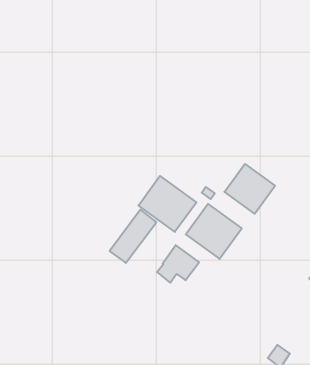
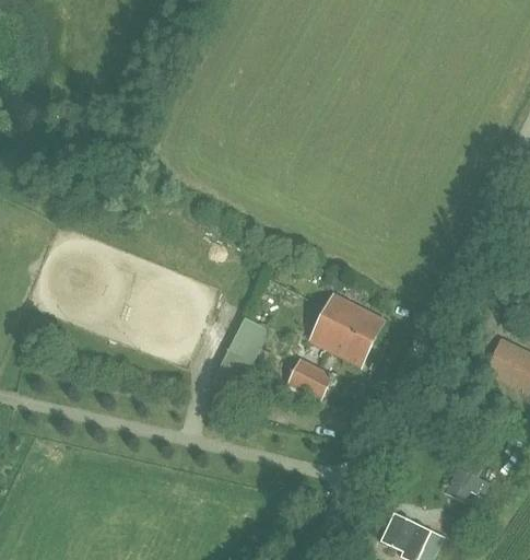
building: [224,164,275,214] -> none
building: [138,176,196,232] -> none

